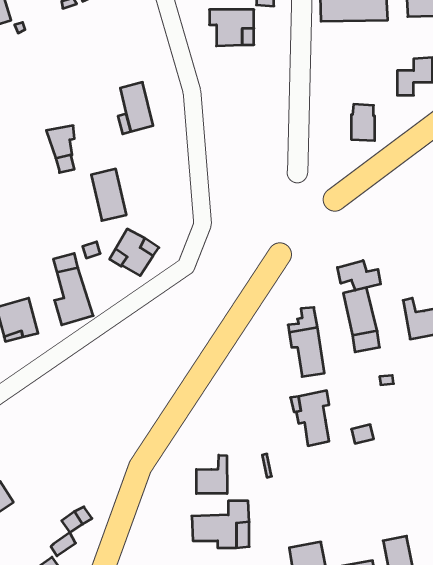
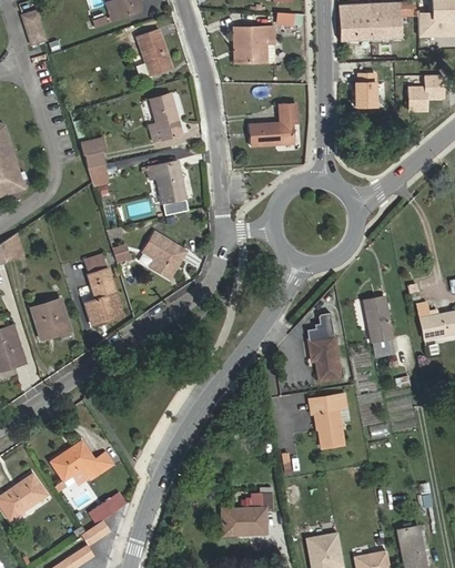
building: none -> [133,29,171,81]
building: none -> [250,105,296,148]
building: [351,104,375,141] -> [356,71,378,105]
building: [91,169,126,221] -> [151,158,184,206]
building: [337,260,381,290] -> none
building: none -> [51,443,114,483]
building: [196,455,227,494] -> none

